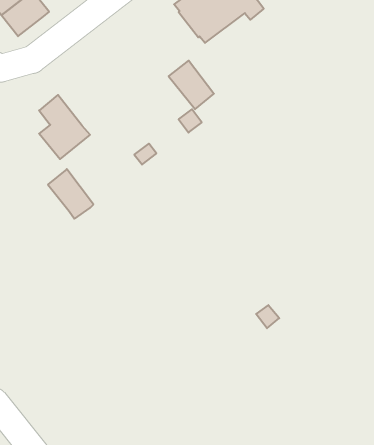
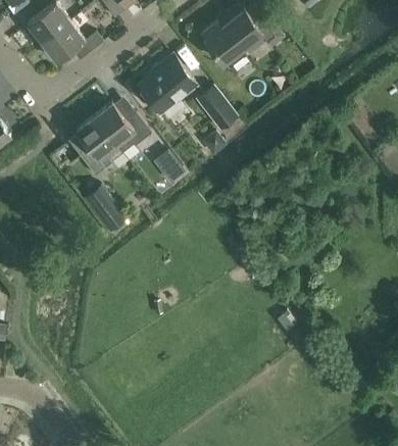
building: none -> [138,54,195,111]
building: none -> [93,102,151,147]

